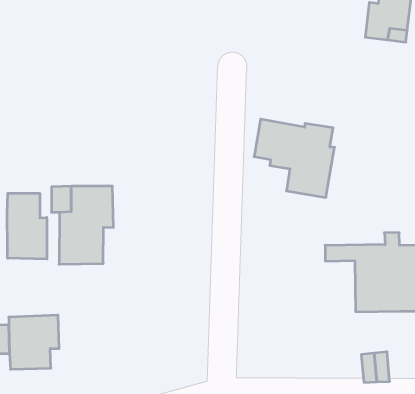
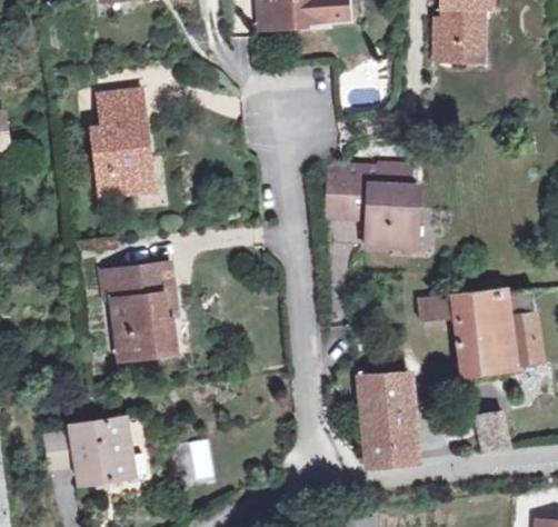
building: none -> [94,91,150,195]
building: [7,193,47,259] -> none
building: none -> [360,374,416,466]

